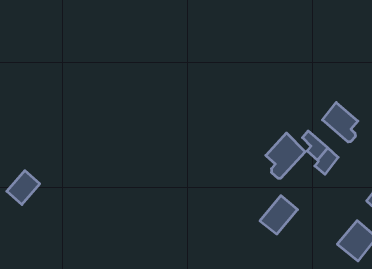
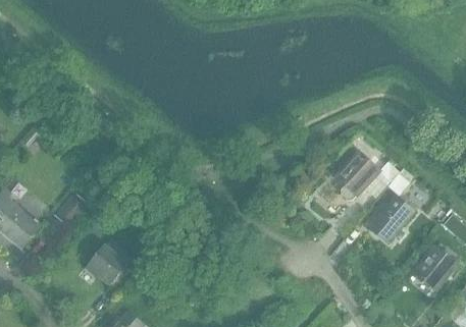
building: [322,102,358,142] -> none
building: [260,196,298,234] -> [370,197,411,238]
building: none -> [84,243,126,284]

